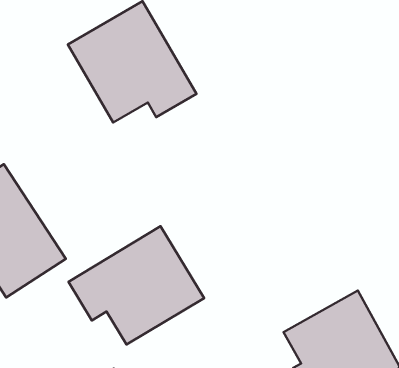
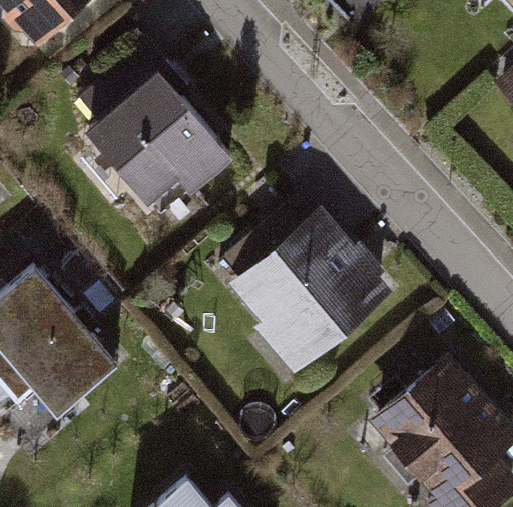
building: none -> [231,209,394,376]
building: [69,226,204,345] -> none

